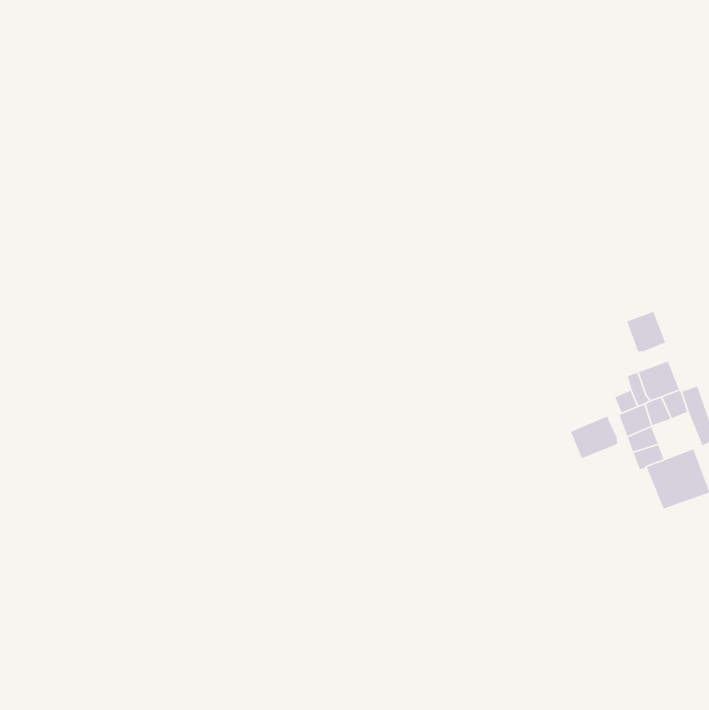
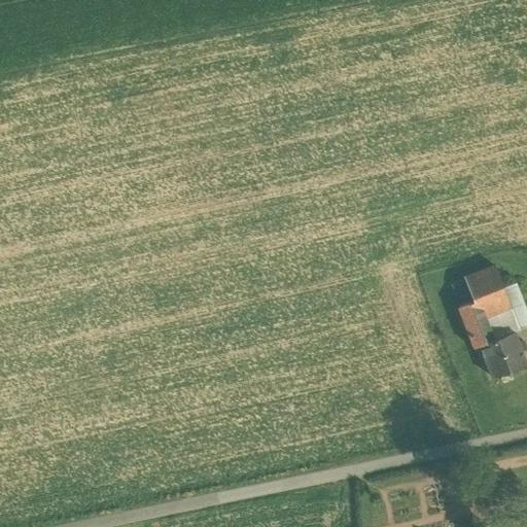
building: [626,311,666,352] -> none
building: [570,415,618,459] -> none

